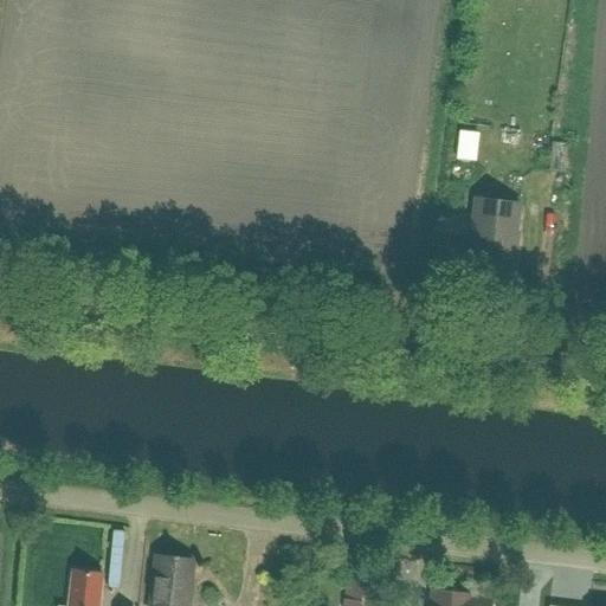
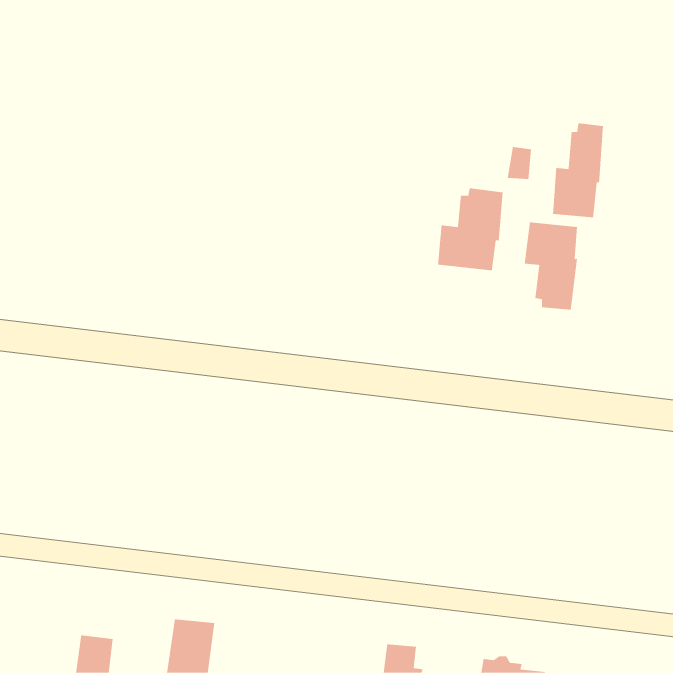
building: none -> [552,123,604,218]
building: none -> [438,188,503,271]

